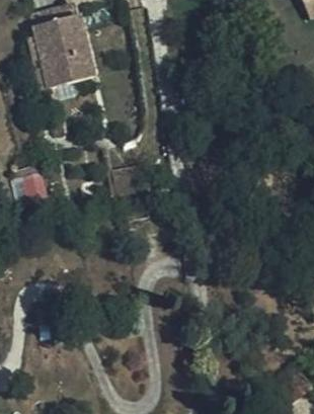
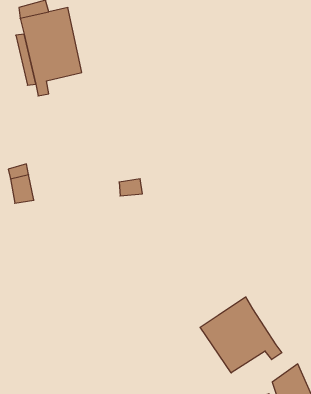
building: none -> [200,297,282,373]

